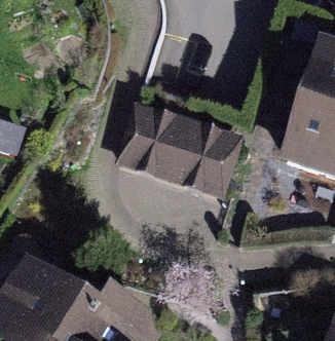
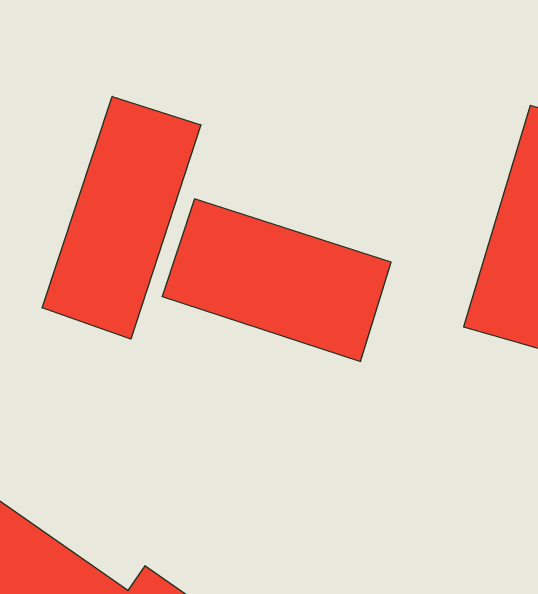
building: none -> [42,96,201,339]

